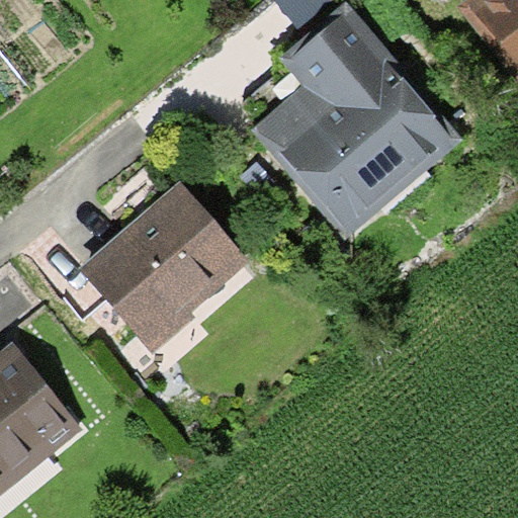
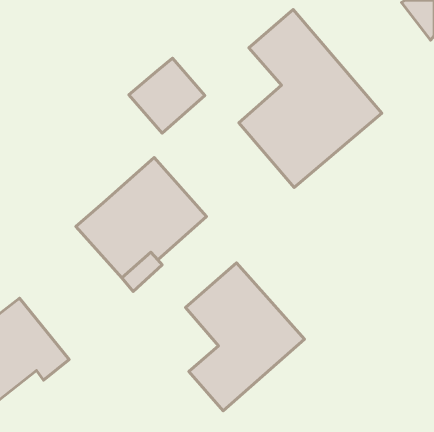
building: [244,61,334,150] -> [129,58,205,133]
building: none -> [186,263,305,411]

